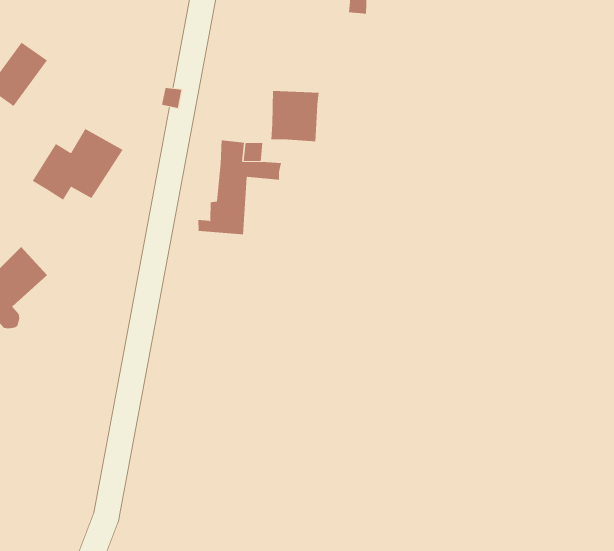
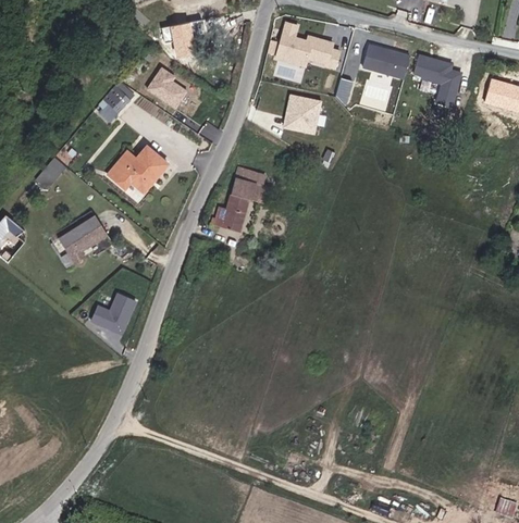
building: none -> [145,67,186,110]
building: [271,91,320,142] -> [282,96,319,134]
building: none -> [91,289,138,334]

